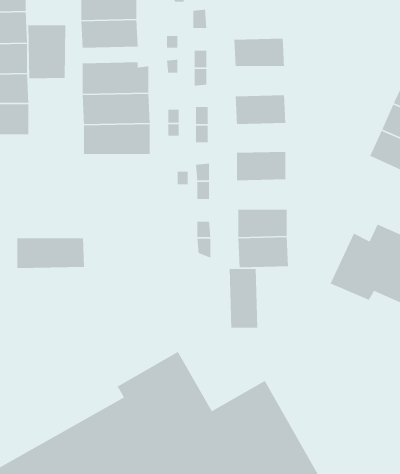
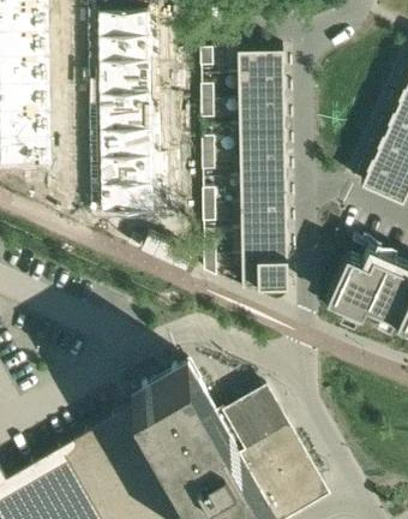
building: none -> [238,50,283,79]
building: [28,24,66,79] -> none
building: none -> [239,105,284,131]
building: none -> [240,156,286,183]
building: none -> [240,208,287,234]
building: [16,237,85,269] -> [101,185,163,214]
building: [229,268,258,329] -> none

